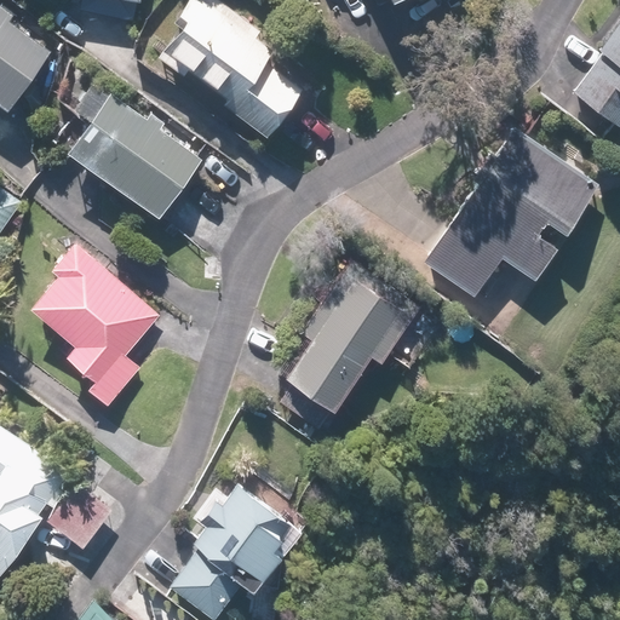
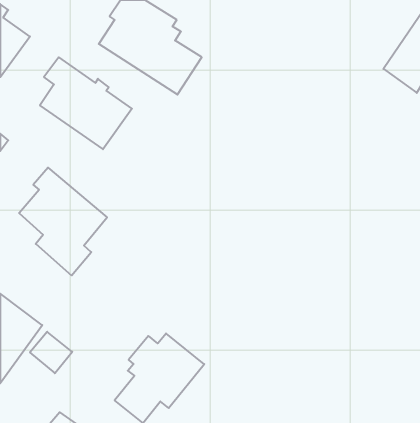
building: [426,128,599,297] -> none
building: [276,265,419,427] -> none

